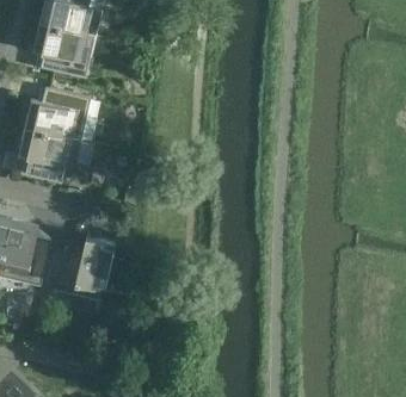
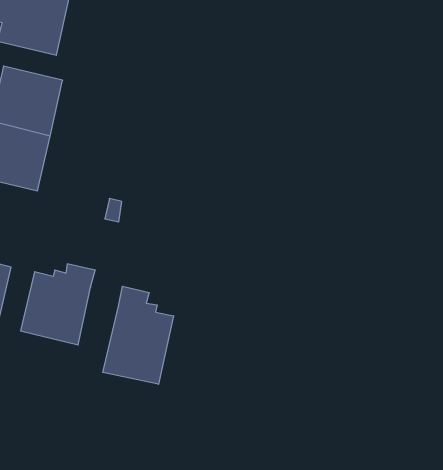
building: none -> [103,286,174,384]

